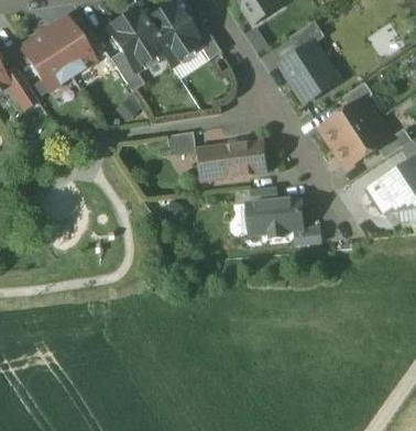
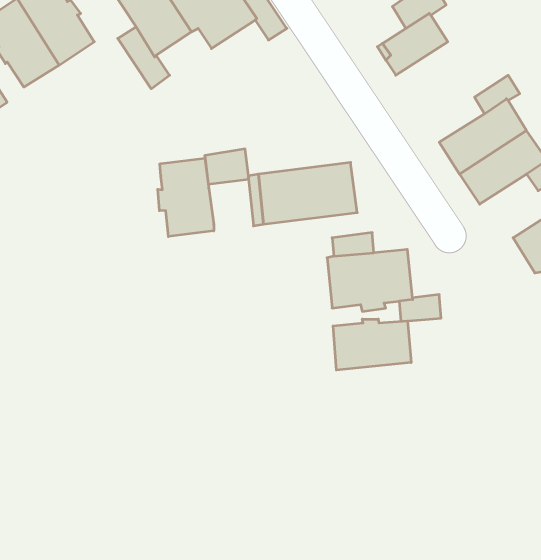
building: [292,60,335,102] -> none
building: none -> [158,158,214,237]
building: none -> [333,319,411,370]

